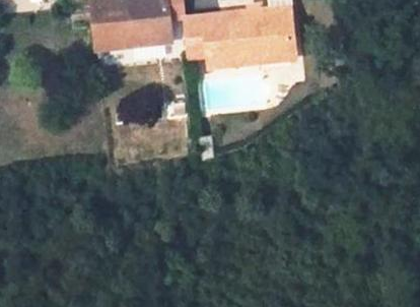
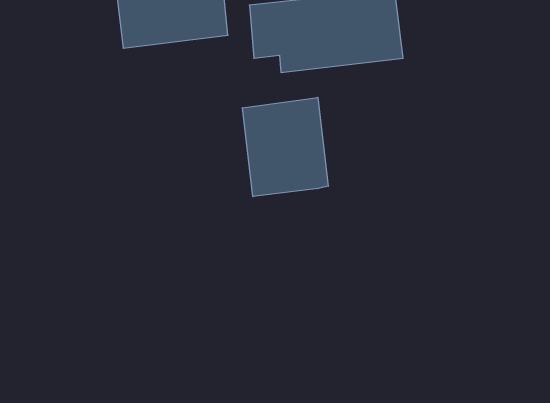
building: none -> [242,97,328,197]

